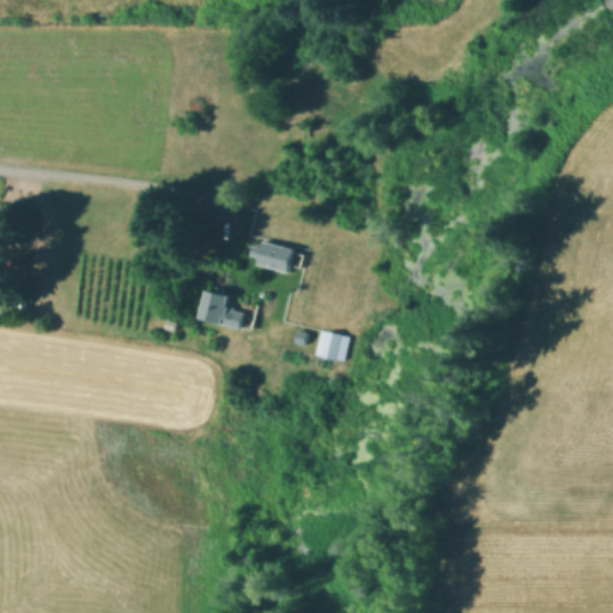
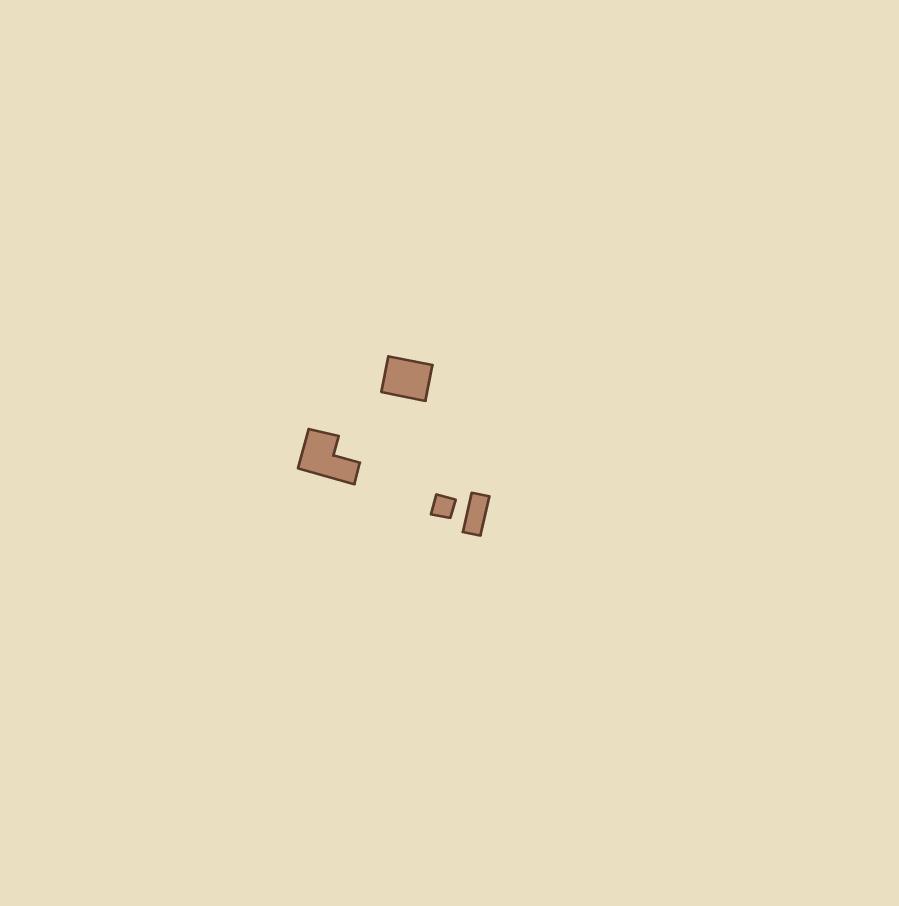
building: [326,335,348,368] -> none

